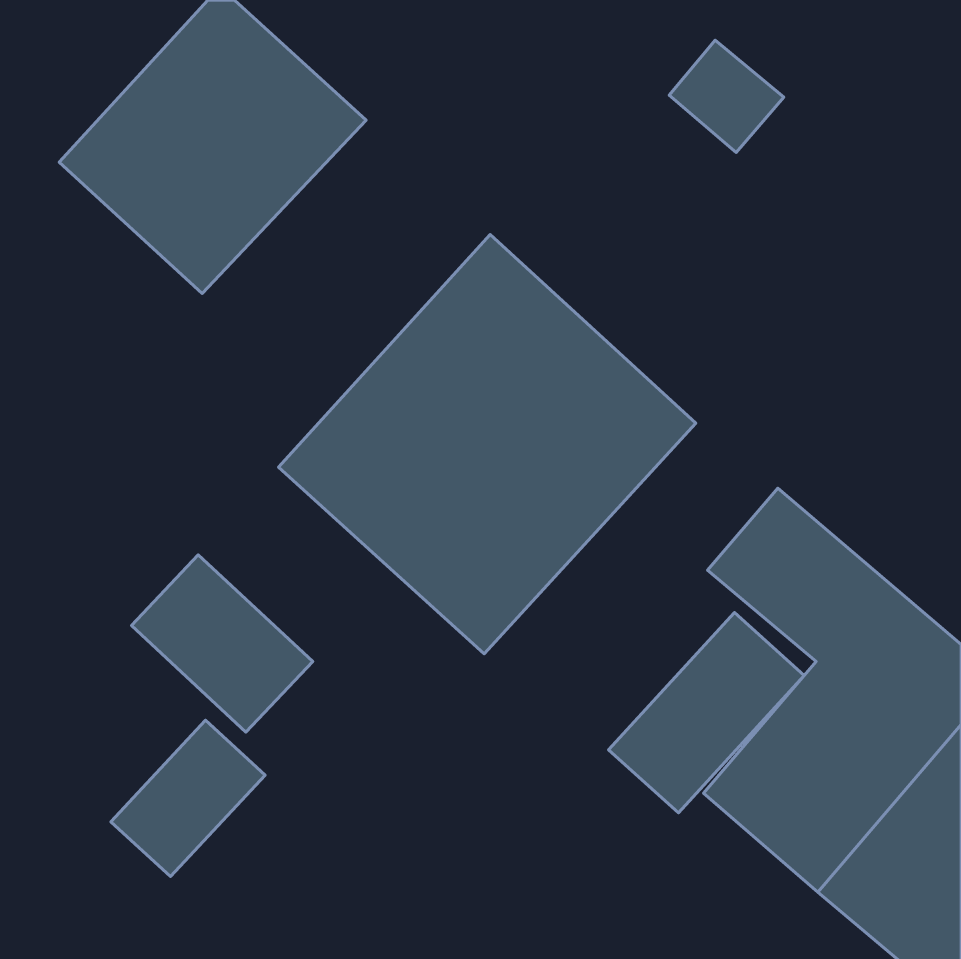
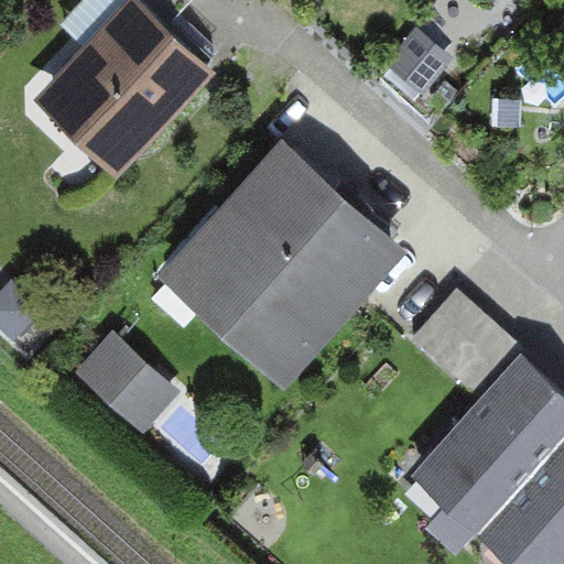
building: [609,613,804,813] -> none
building: [111,720,265,877] -> none

